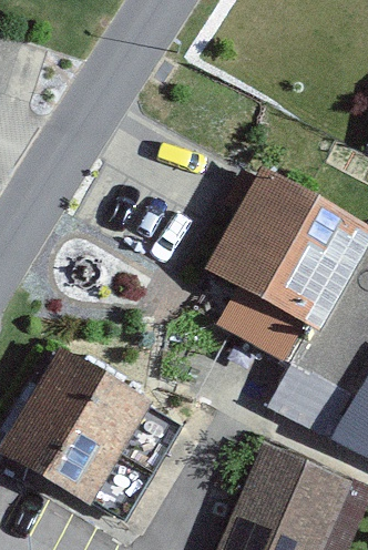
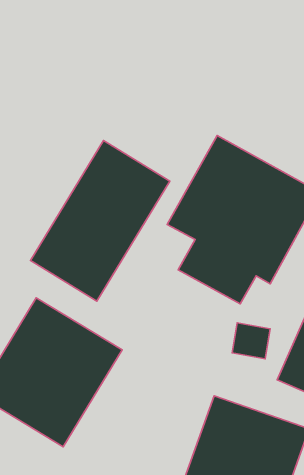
building: none -> [30,140,170,301]

